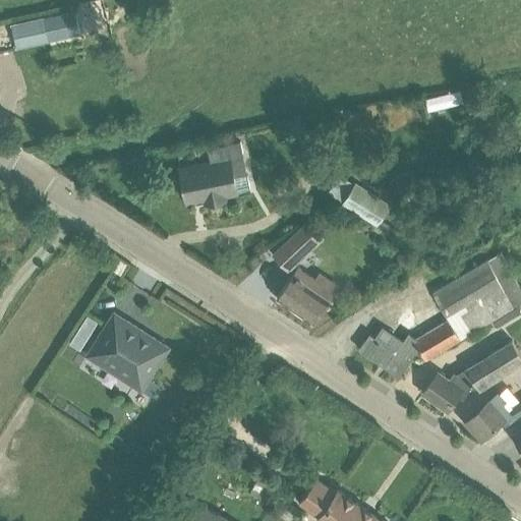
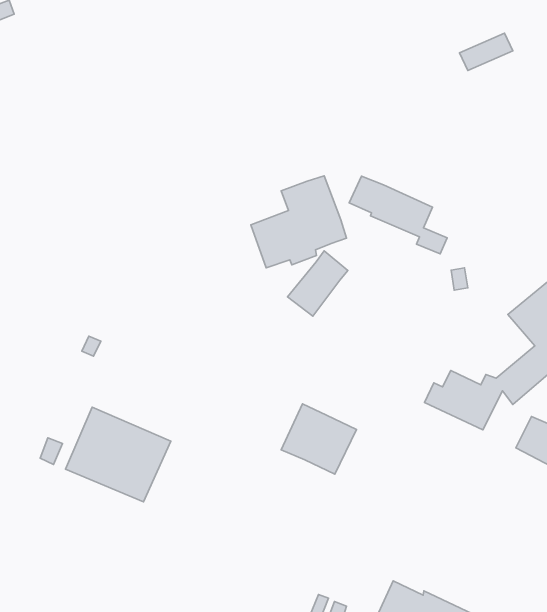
building: [180,142,249,205] -> [251,176,347,268]
building: [276,268,334,324] -> [281,404,356,474]

